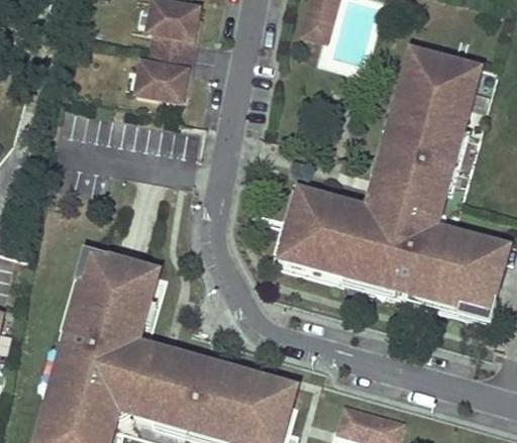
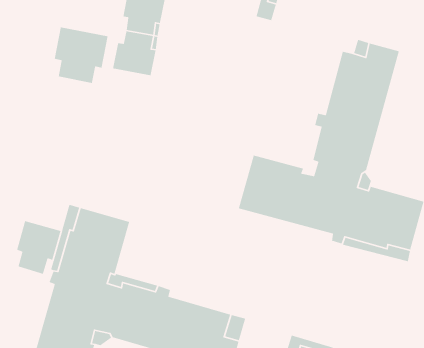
building: none -> [54,27,108,84]
building: none -> [16,220,61,275]

